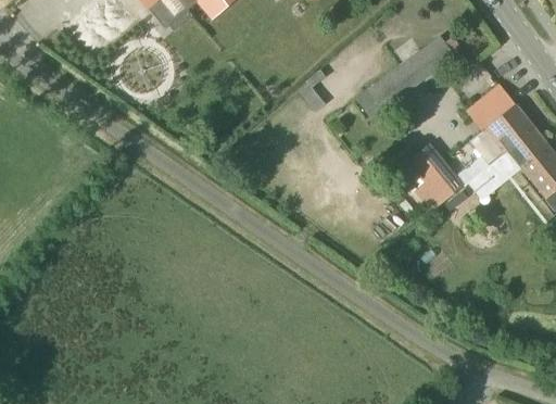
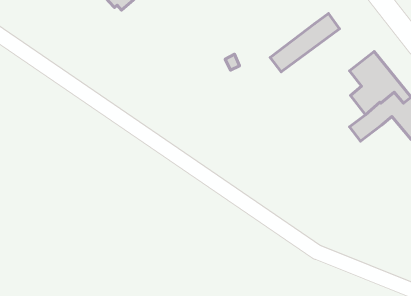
building: [395,142,463,212] -> none

